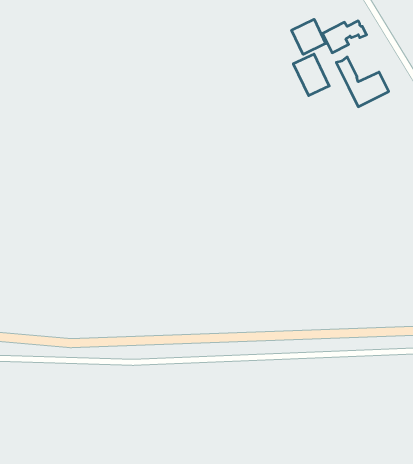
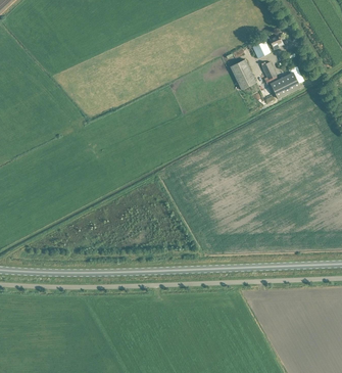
building: [292,19,326,54] -> none

